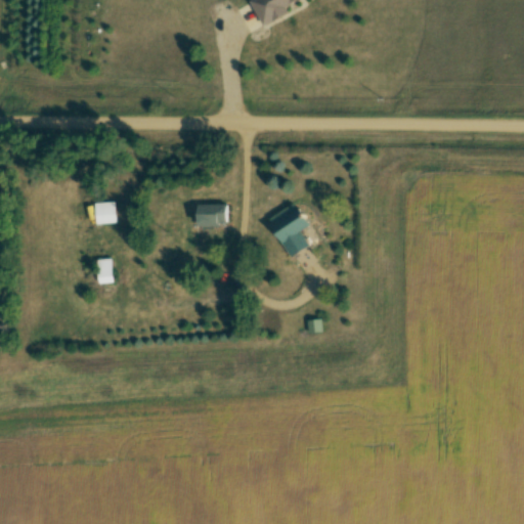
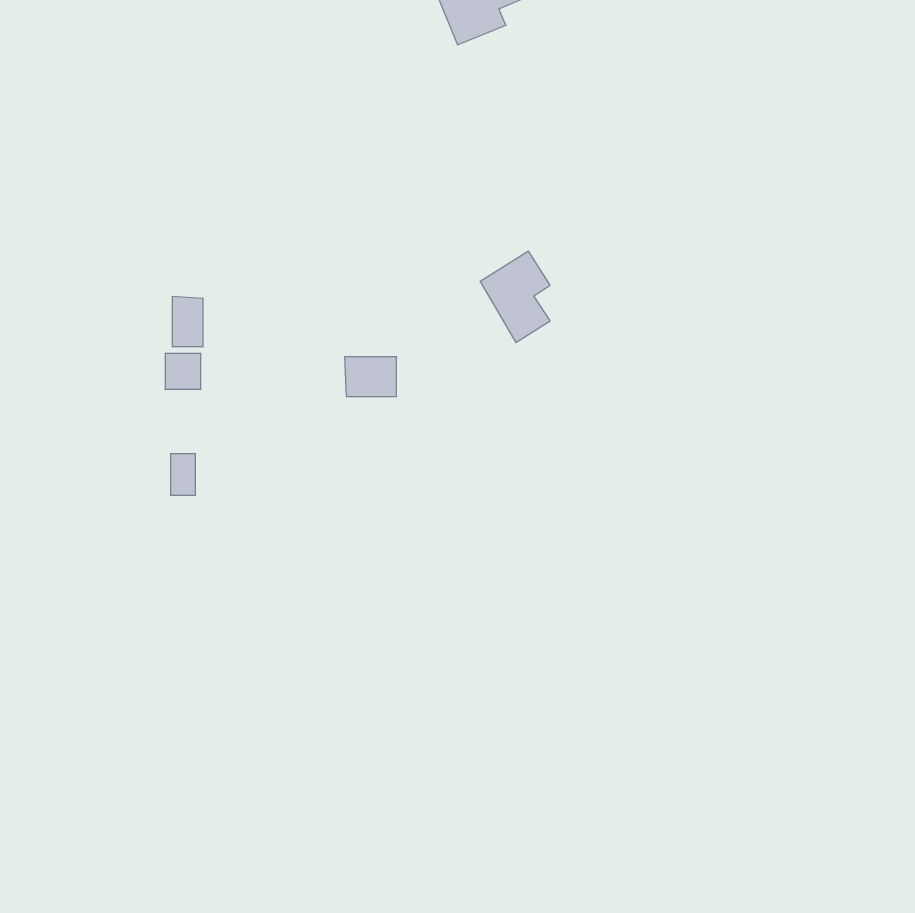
building: none -> [173,296,203,347]
building: [270,206,310,258] -> [480,251,550,343]

